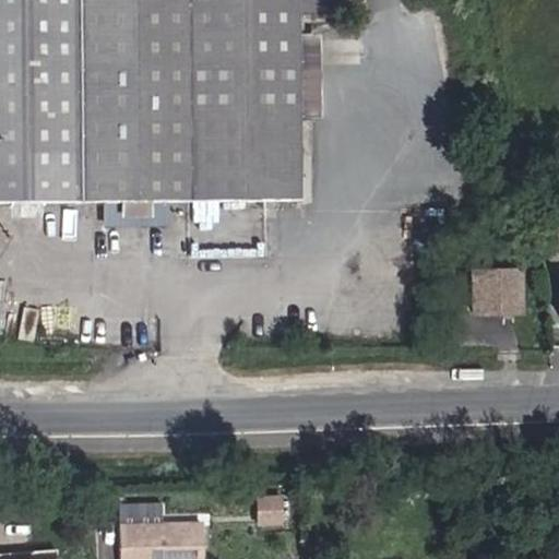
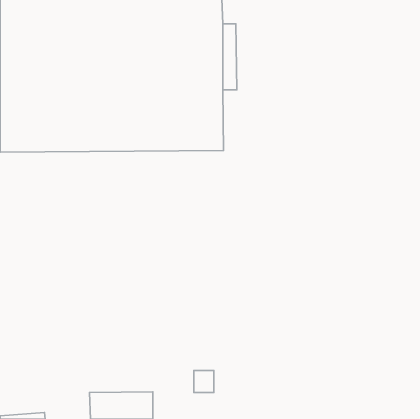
building: [469,272,516,313] -> none

